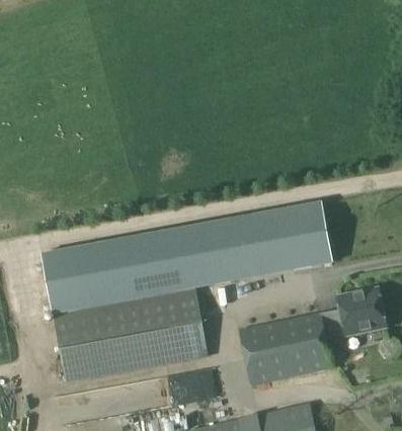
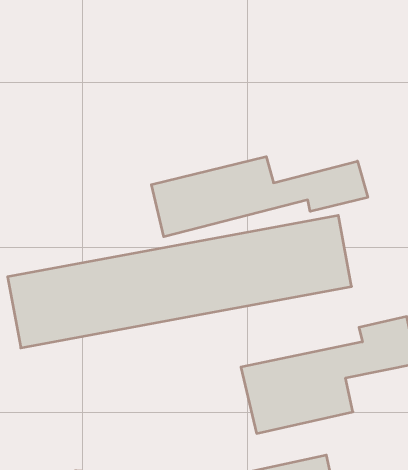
building: none -> [151,157,368,237]
building: [54,286,208,379] -> none

